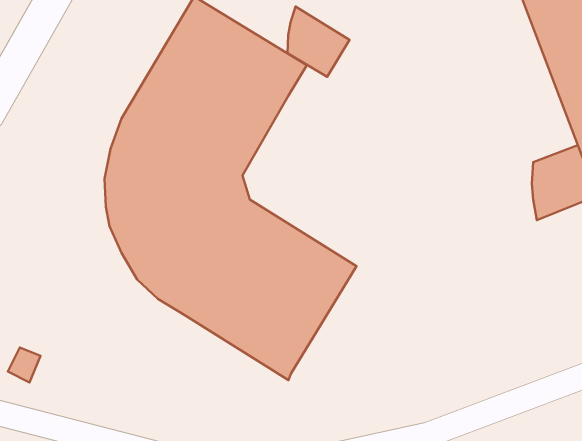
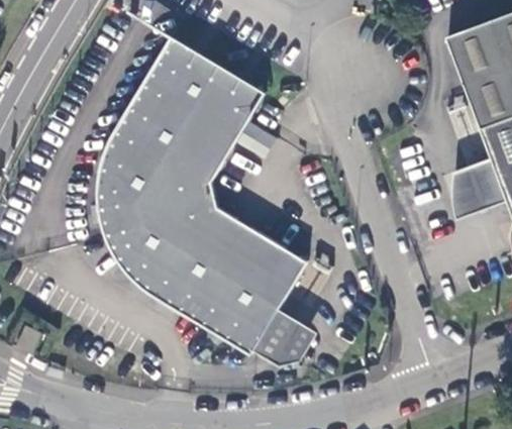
building: [287,7,350,77] -> none
building: none -> [252,309,316,366]

